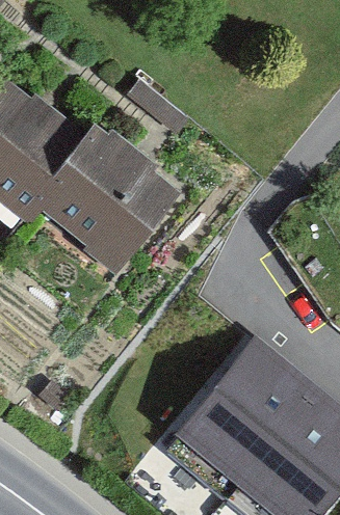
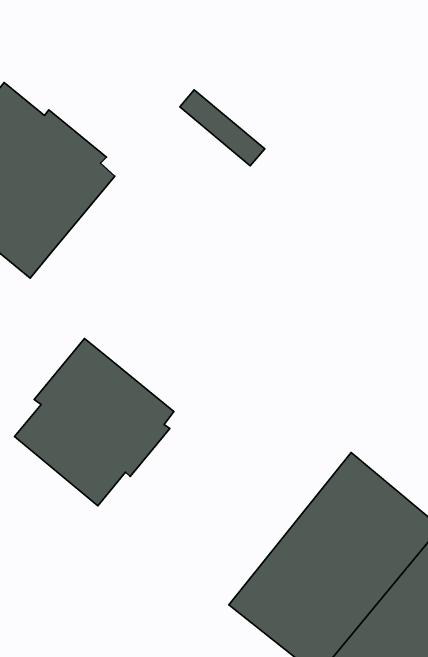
building: [37,125,178,260] -> none
building: none -> [14,338,174,506]

